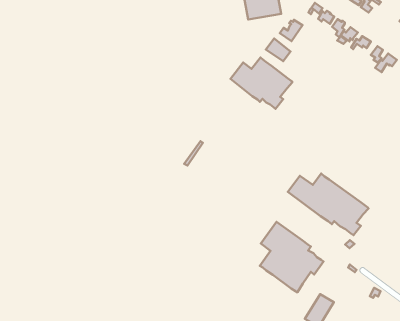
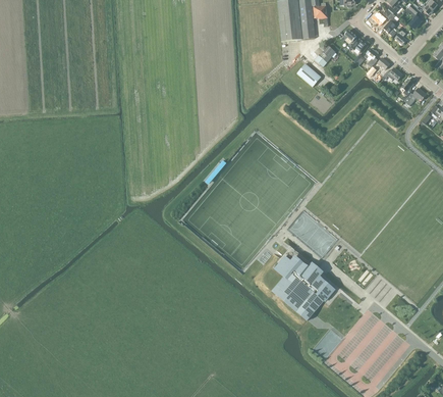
building: [230,57,292,109] -> none
building: [288,173,368,235] -> none

